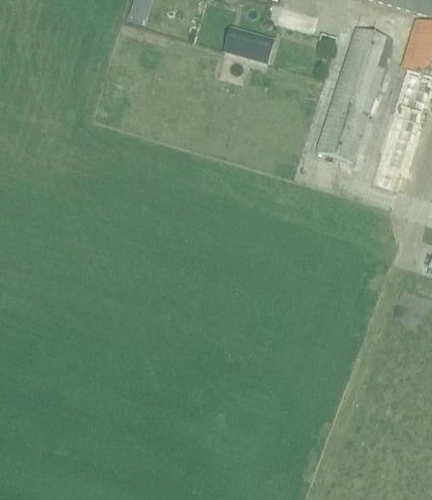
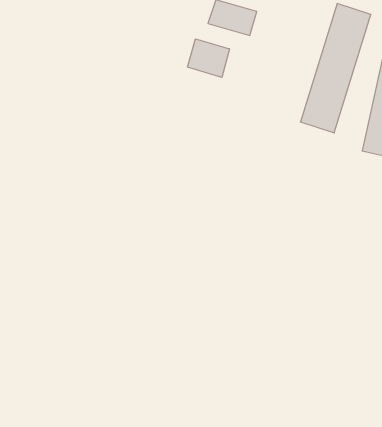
building: none -> [187,39,229,77]

